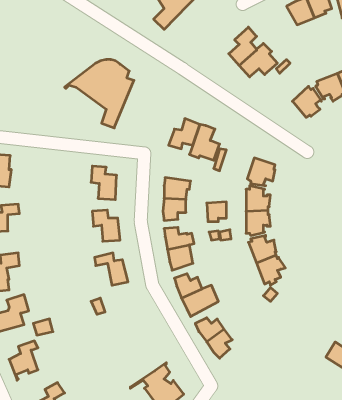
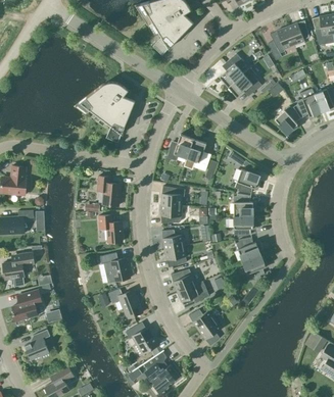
building: none -> [108,288,142,318]
building: none -> [126,321,159,355]

